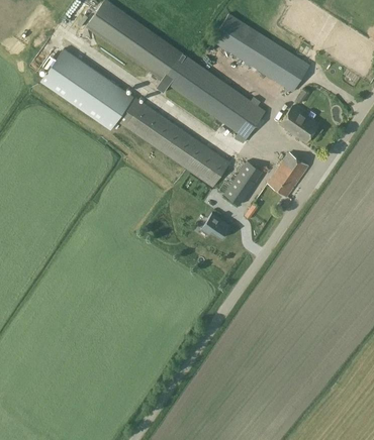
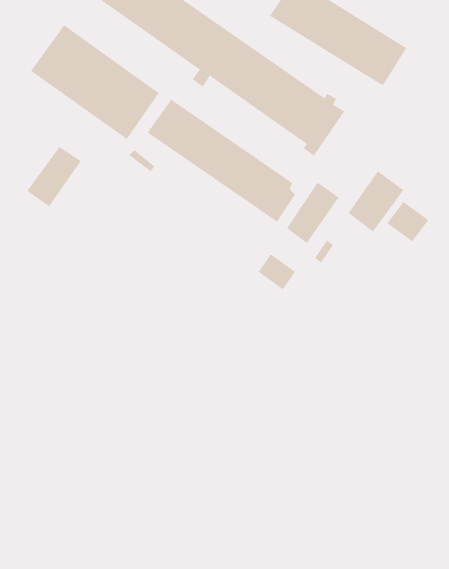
building: [280,106,317,142] -> none
building: none -> [27,146,81,207]
building: none -> [386,201,429,242]

